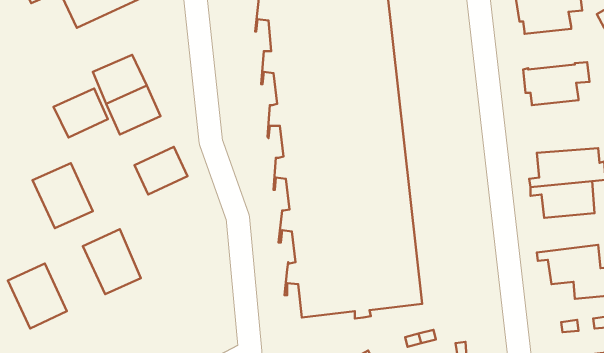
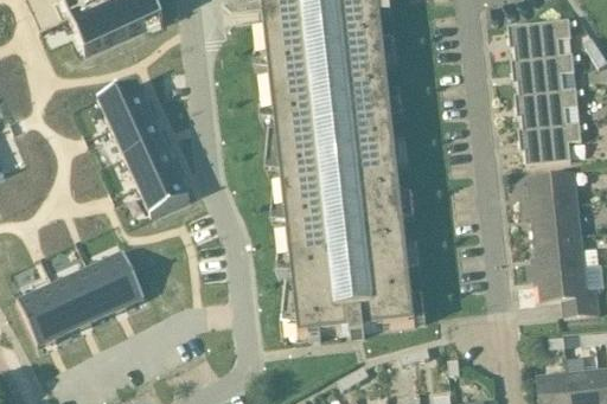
building: none -> [511,53,575,95]
building: [54,88,108,138] -> [126,140,178,187]
building: none -> [518,122,582,165]
building: [33,163,93,228] -> [53,265,111,328]
building: none -> [528,233,587,271]

